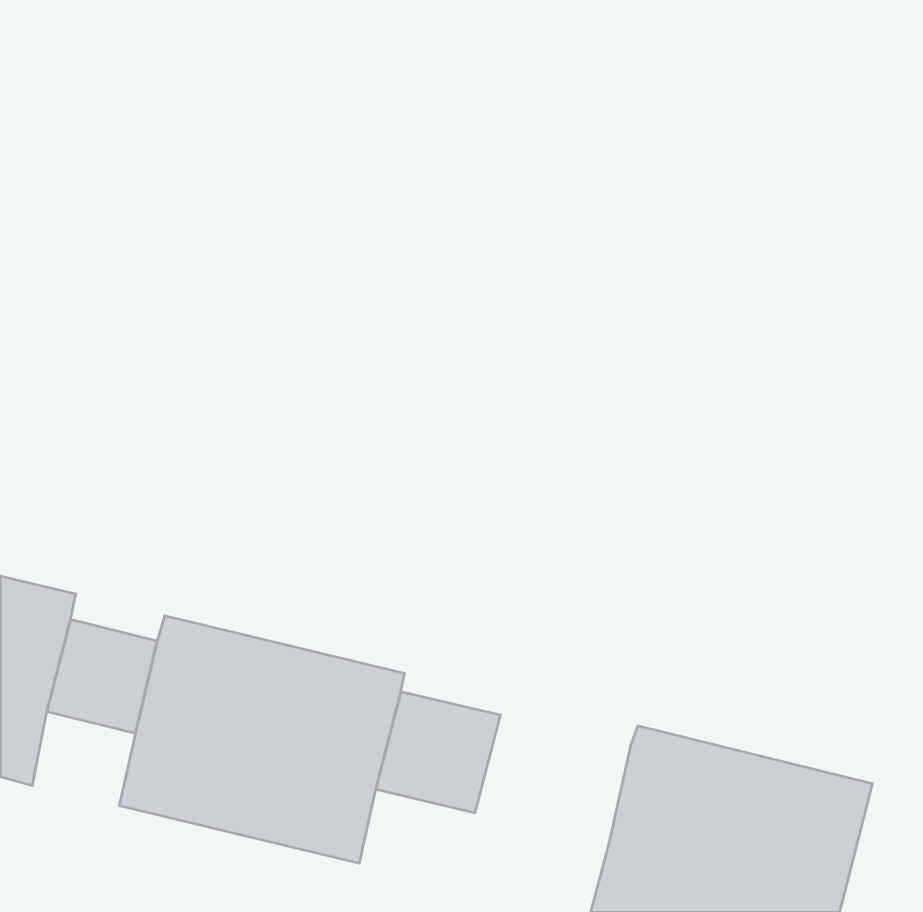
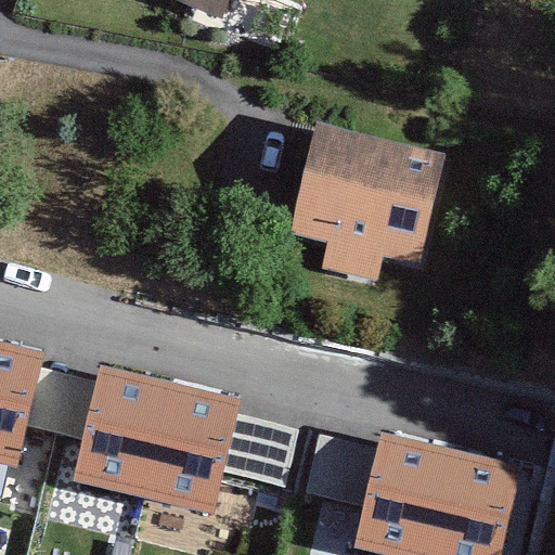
building: none -> [281,115,443,254]
building: none -> [307,435,378,506]

